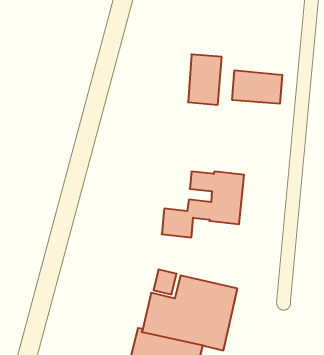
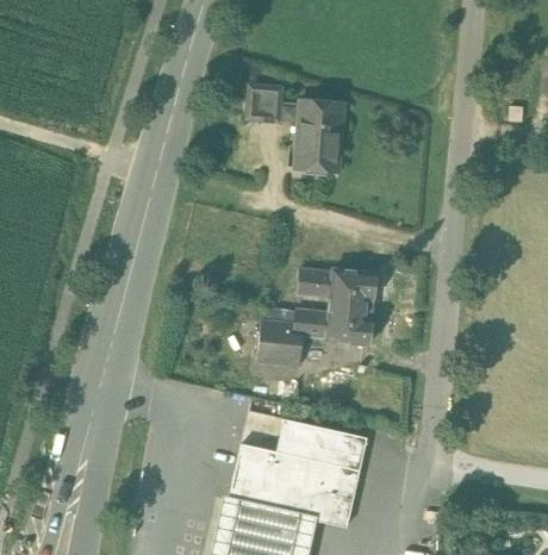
building: none -> [247,86,282,123]
building: [232,70,282,104] -> none

